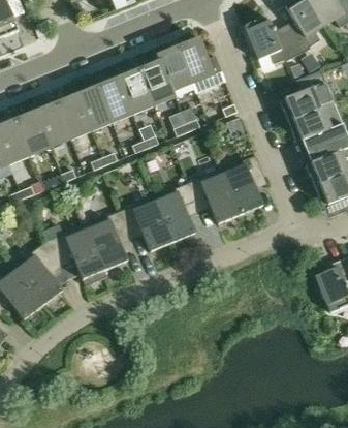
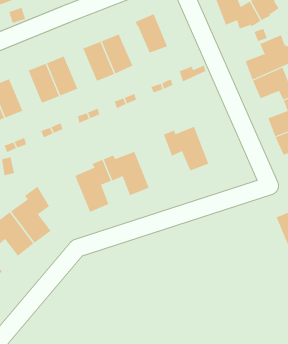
building: [178,36,225,91] -> none
building: [138,59,176,103] -> none
building: [76,84,113,129] -> none
building: [14,109,51,154] -> none
building: [223,154,265,214] -> none
building: [156,181,197,241] -> none
building: [42,222,107,284] -> none

